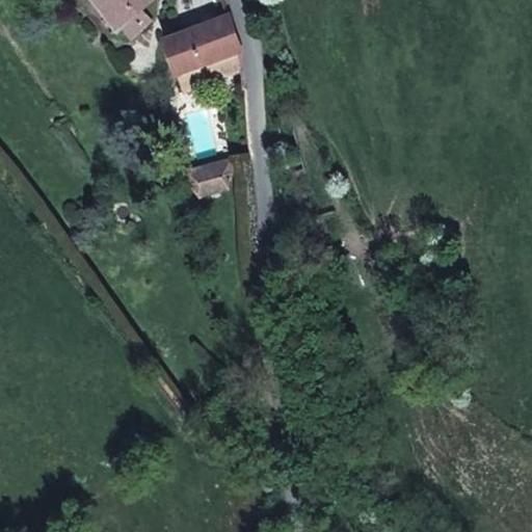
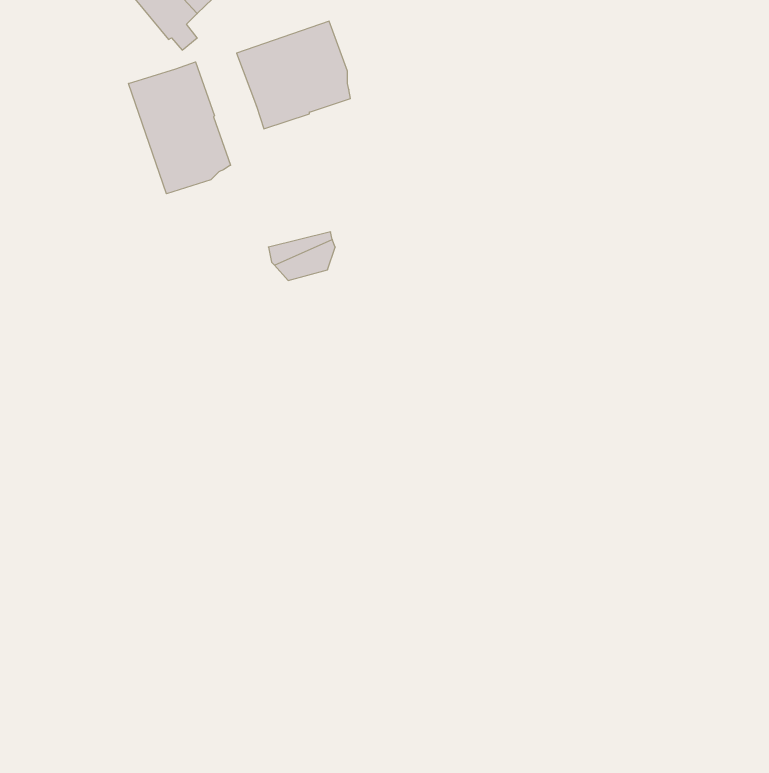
building: none -> [129,62,231,194]

